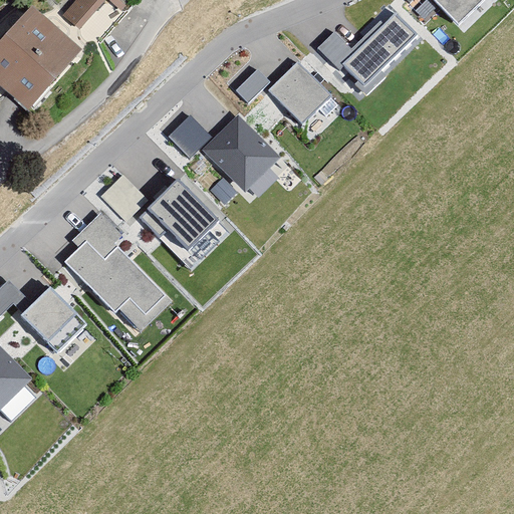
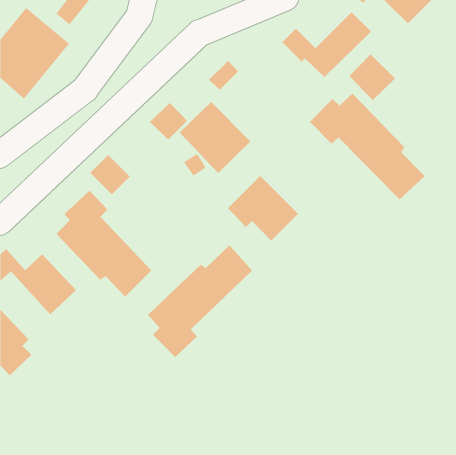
building: none -> [349,54,396,101]
building: [268,61,330,124] -> none
building: none -> [309,93,425,200]
building: [139,179,219,253] -> [227,175,299,241]
building: none -> [147,245,253,358]

